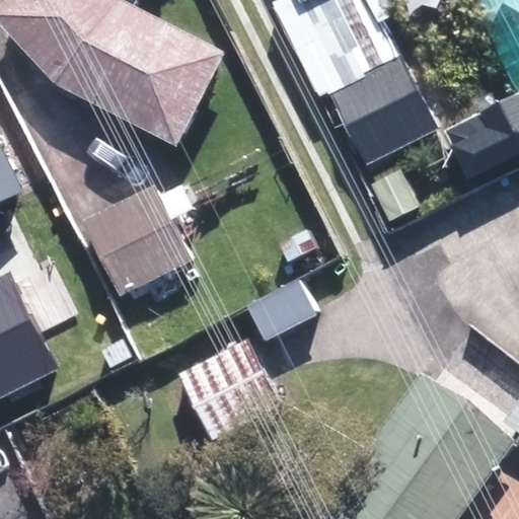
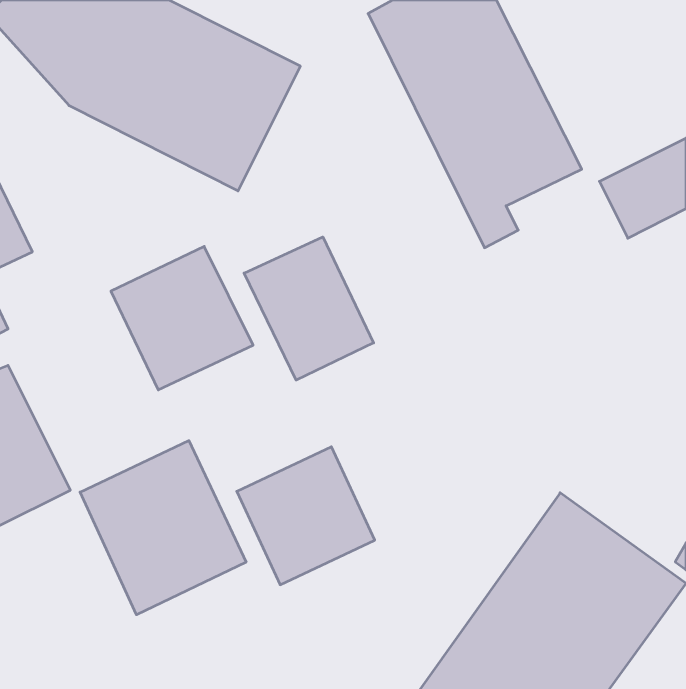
building: none -> [244,237,374,380]
building: none -> [80,441,246,615]

